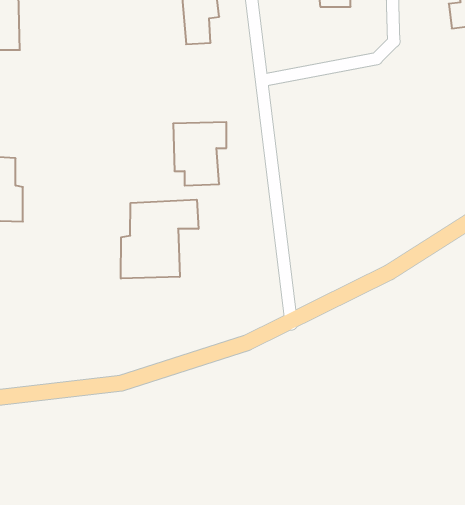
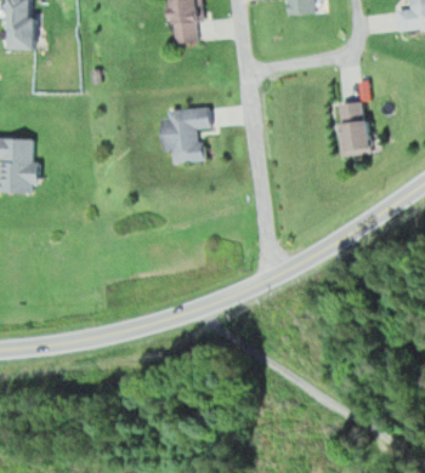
building: none -> [336,101,369,155]
building: [121,200,198,279] -> none

